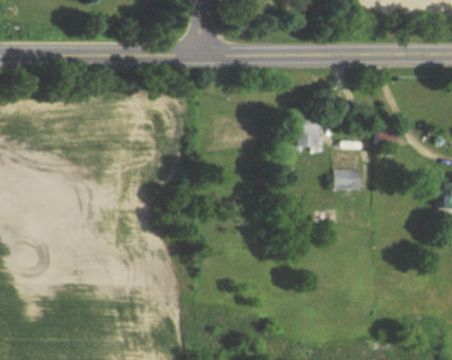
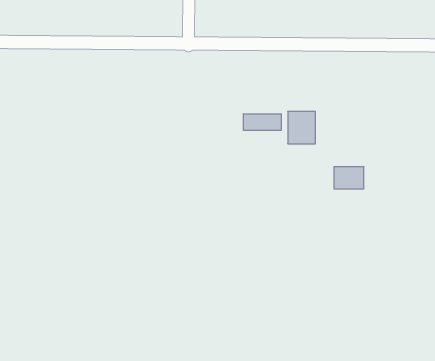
building: none -> [243,114,281,130]

